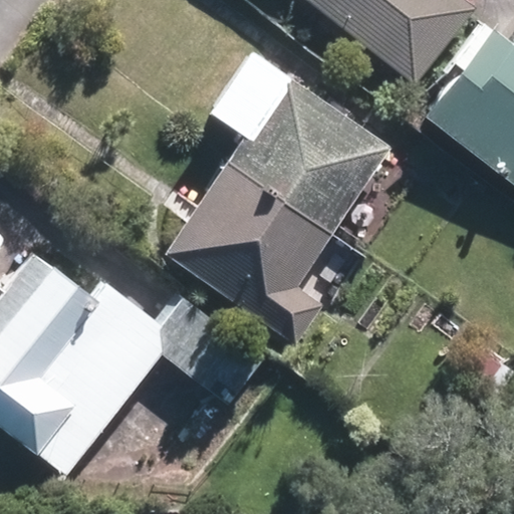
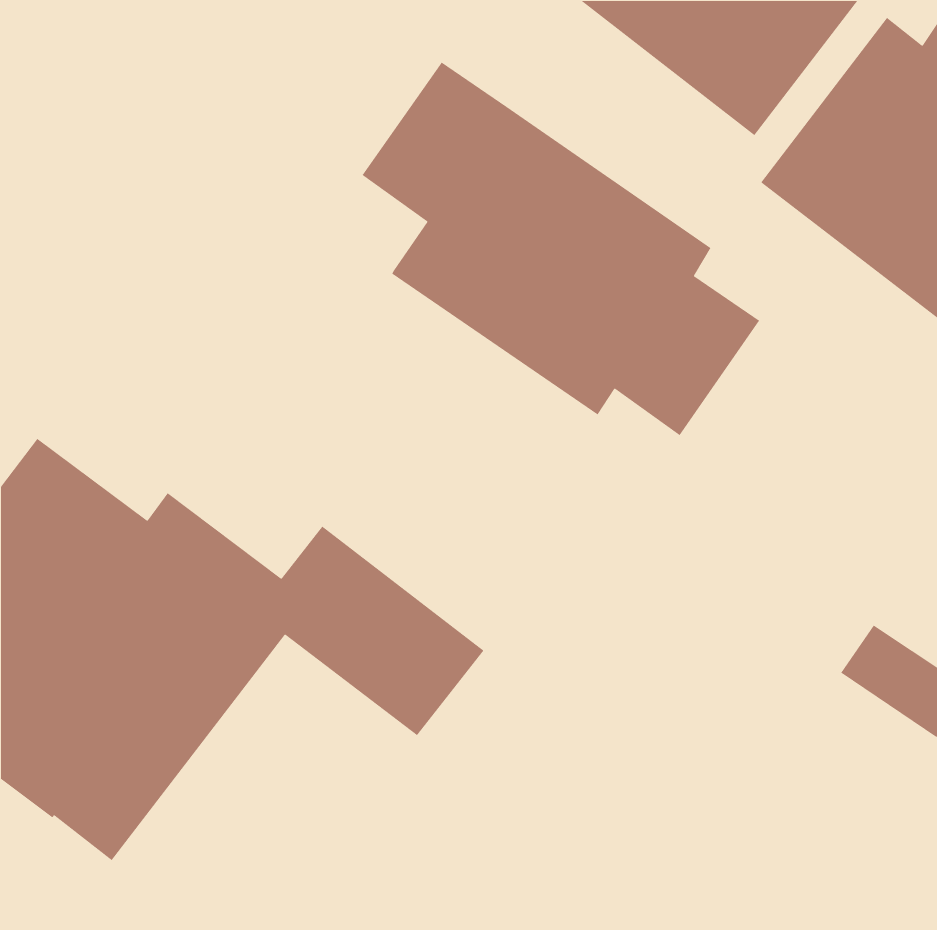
building: [158,160,330,343] -> none

